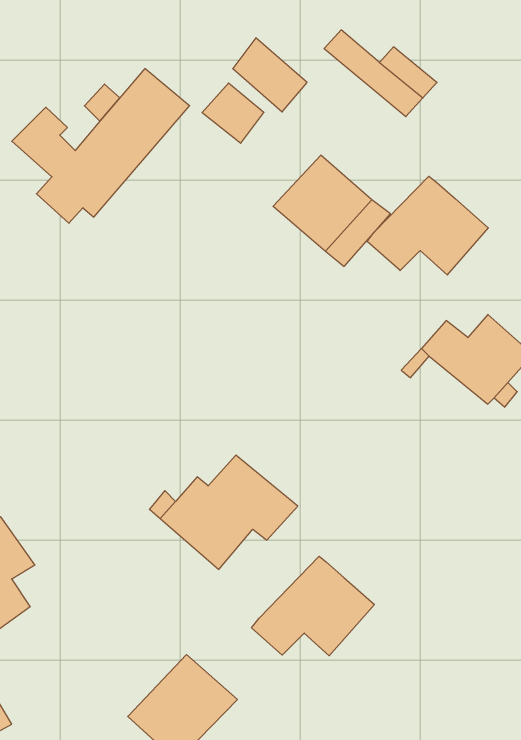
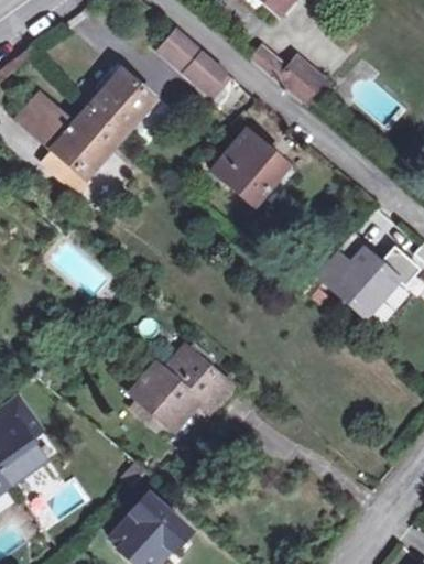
building: [202,83,264,143] -> [156,30,200,73]
building: [367,176,488,275] -> none
building: [252,556,374,656] -> none

